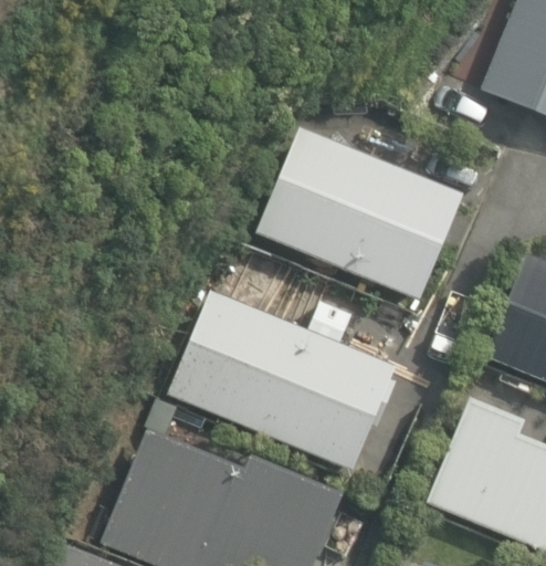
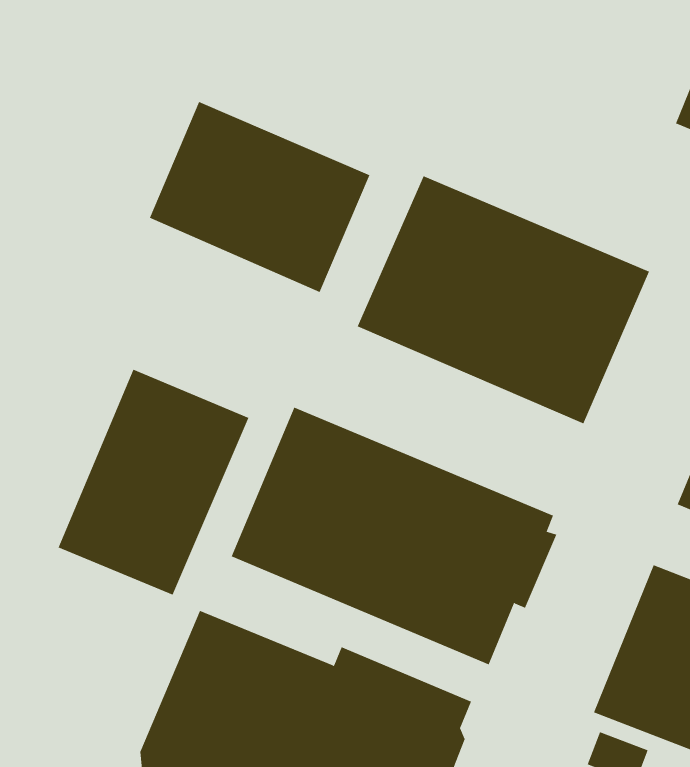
building: none -> [149,101,370,293]
building: none -> [58,369,249,596]

